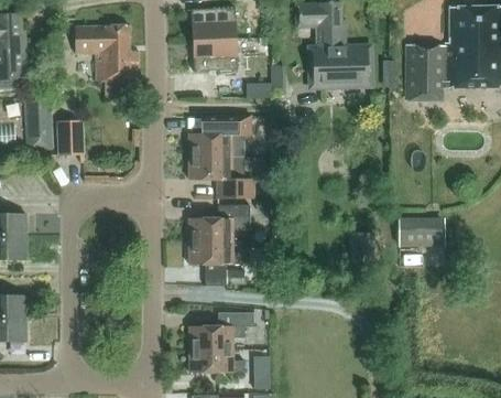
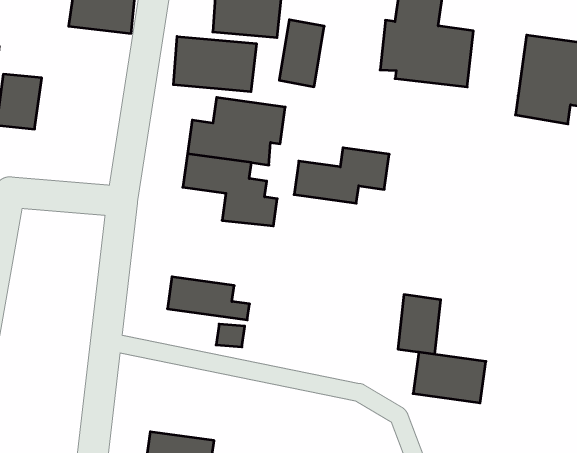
building: none -> [173,36,256,92]
building: [189,206,250,243] -> [294,148,389,203]
building: [397,218,444,247] -> [413,352,486,403]
building: [189,313,253,349] -> none

